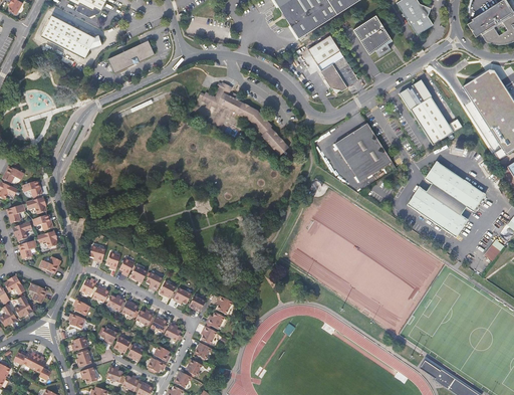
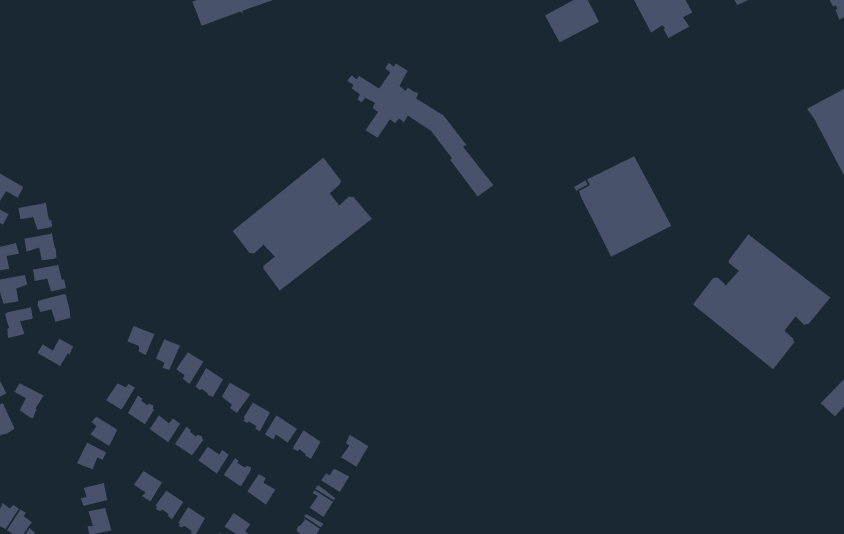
building: [320,56,359,92] -> none
building: [398,80,461,146] -> none
building: none -> [232,157,373,292]

